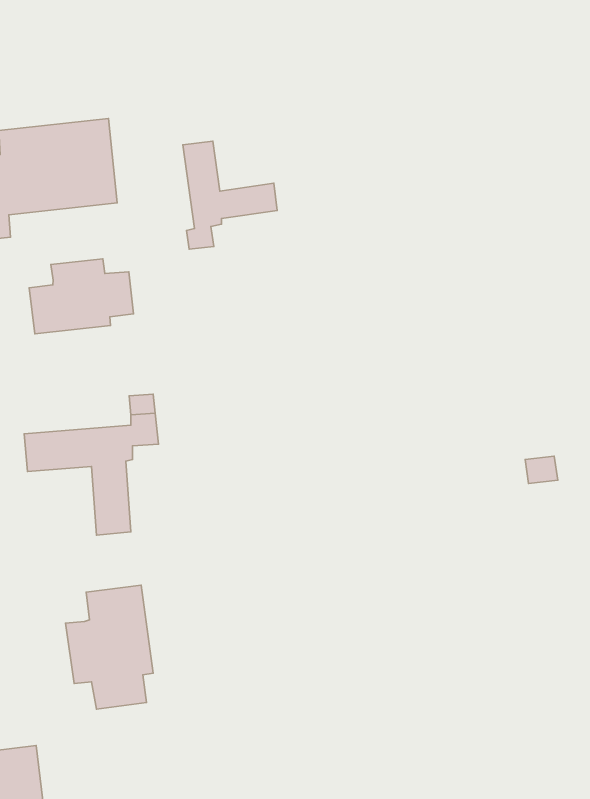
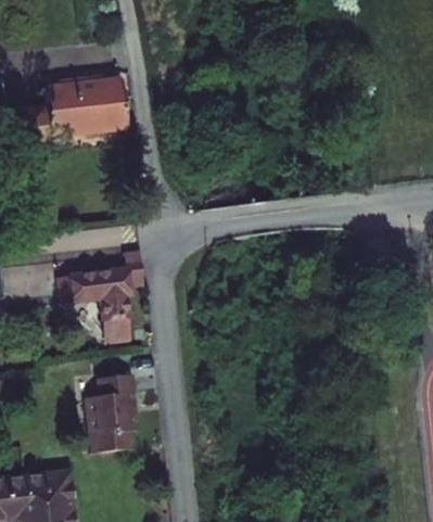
building: [183,141,277,249] -> none
building: [29,259,134,334] -> none

